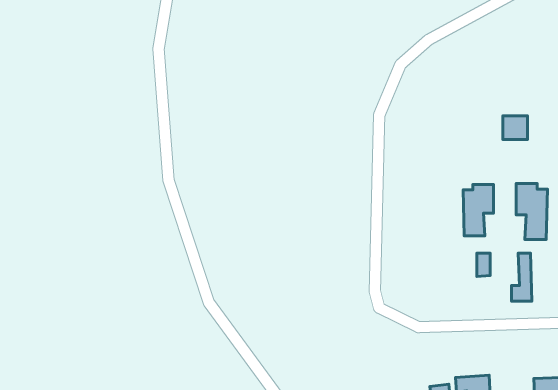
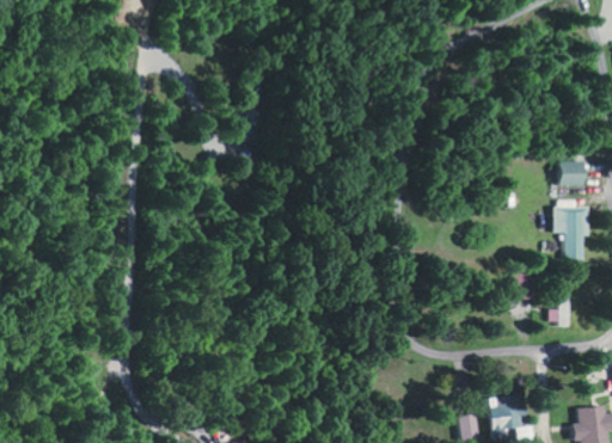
building: [503,116,528,140] -> [556,160,582,185]
building: [463,185,493,236] -> none

